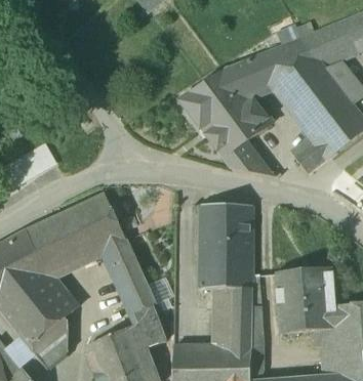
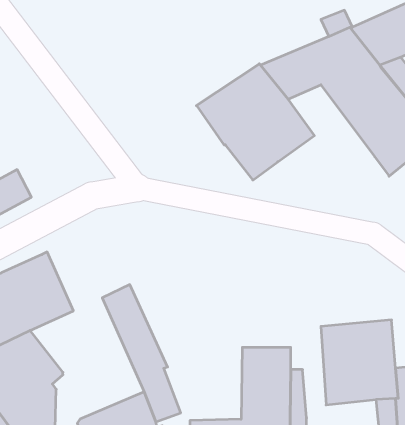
building: [294,139,328,173] -> none
building: [221,143,265,175] -> none
building: [60,194,125,260] -> none
building: [198,204,252,289] -> none

